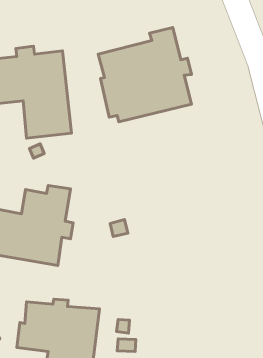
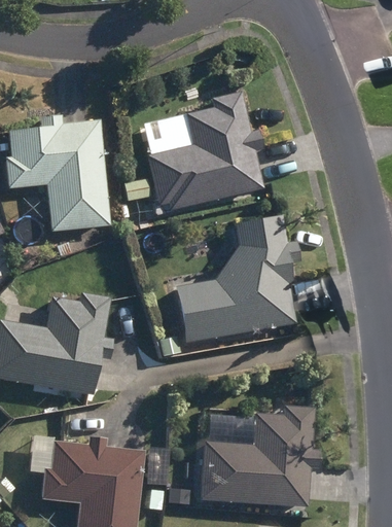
building: none -> [175,216,299,343]
building: none -> [200,406,319,507]

